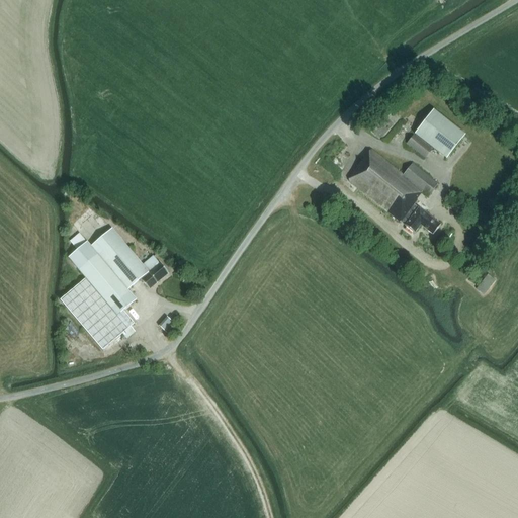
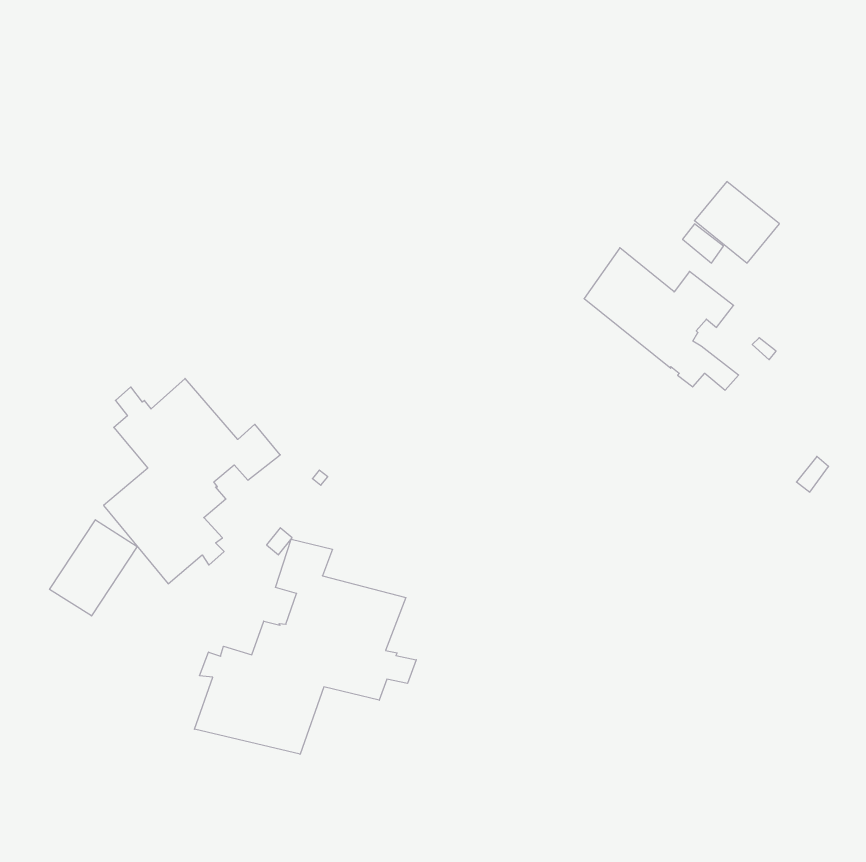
building: none -> [50,520,137,616]
building: none -> [194,539,416,754]

